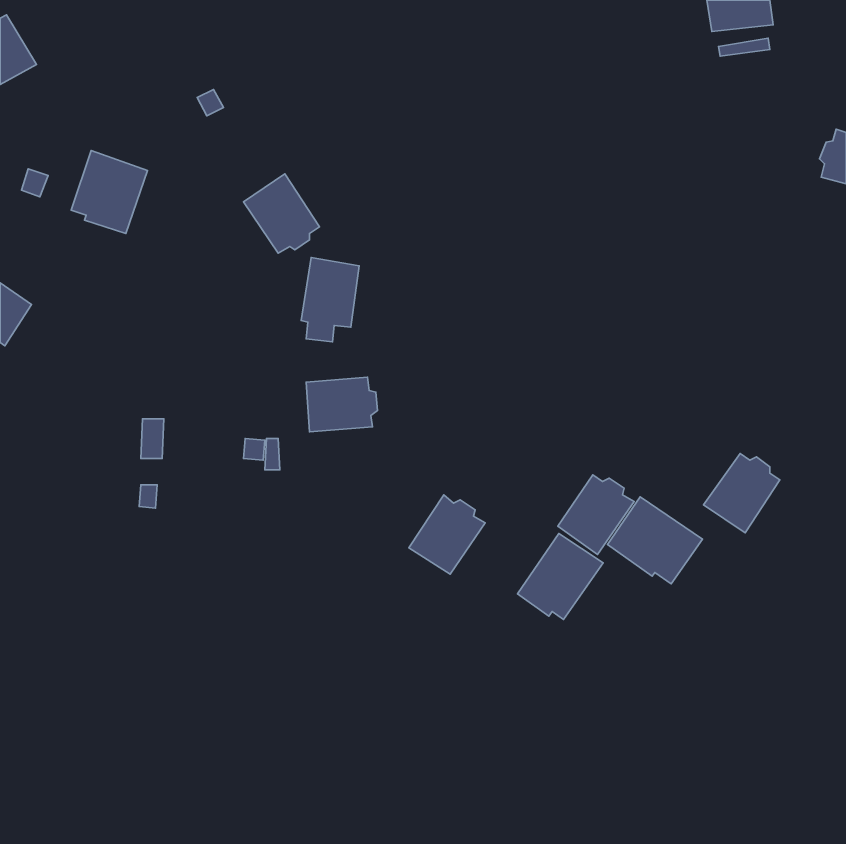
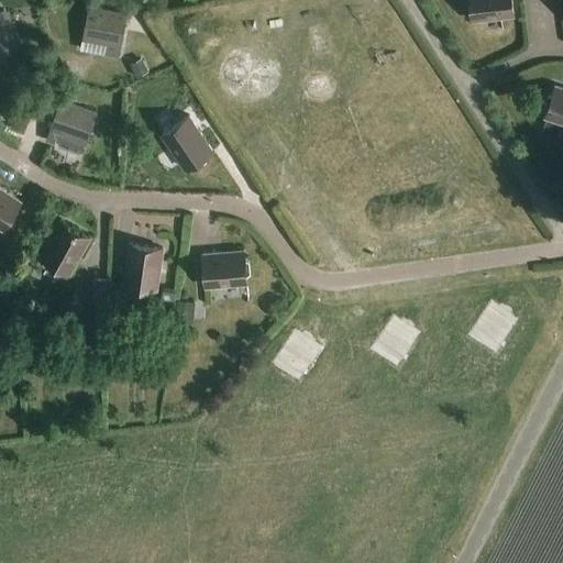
building: none -> [84,9,126,57]
building: [301,258,359,342] -> [124,244,163,300]
building: none -> [41,222,90,275]
building: [607,497,703,584] -> none
building: [518,533,603,620] -> none

